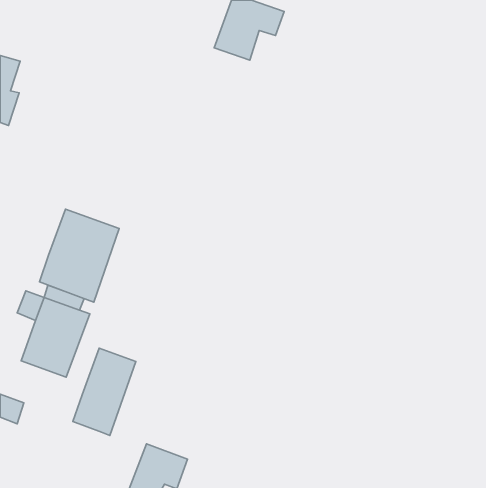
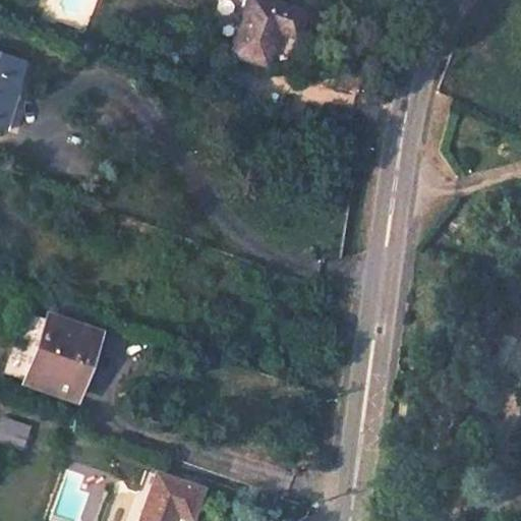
building: [39,209,119,302] -> none
building: [73,348,136,435] -> none

